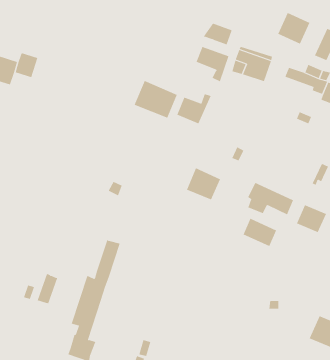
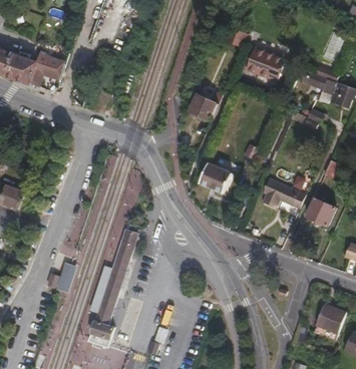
building: [278,12,310,45] -> none
building: [196,46,229,82] -> none
building: [134,80,177,119] -> none
building: [243,218,277,247] -> none

